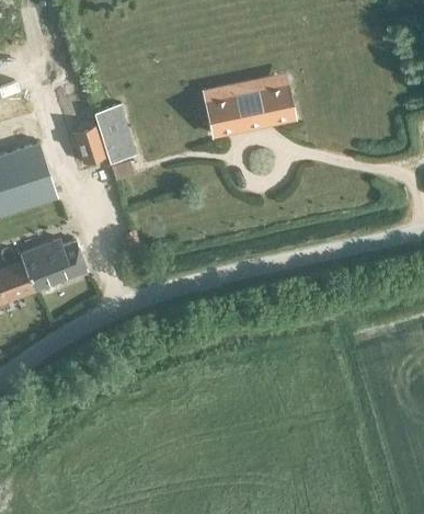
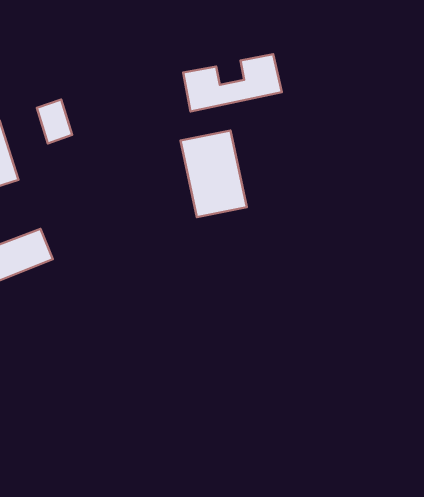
building: [94,105,136,163] -> none
building: none -> [180,130,247,217]

